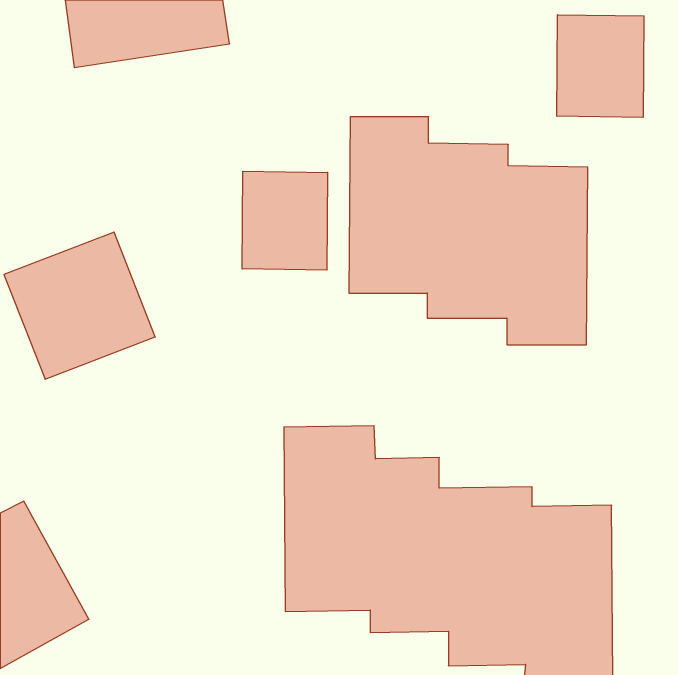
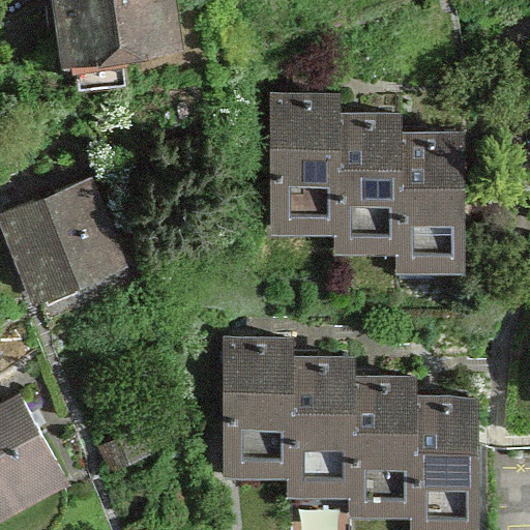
building: [557,15,644,117] -> none
building: [242,171,328,270] -> none

